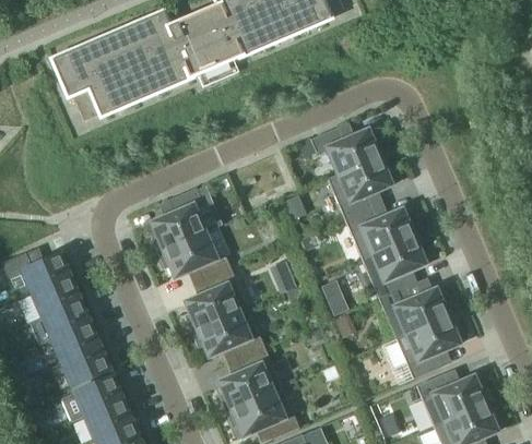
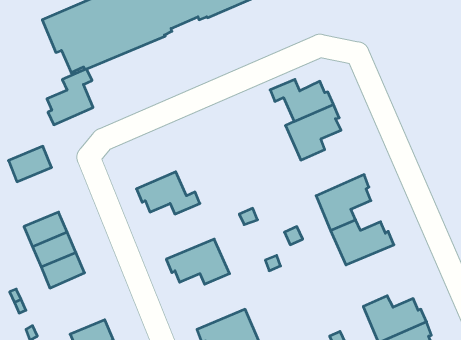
building: [152,188,204,251] -> [47,69,93,125]
building: [346,206,418,259] -> none
building: [22,253,71,293] -> [8,146,52,182]
building: [186,267,248,331] -> none
building: [398,314,461,377] -> none
building: [61,346,110,386] -> none
building: [220,347,283,410] -> none
building: [74,375,123,416] -> none

